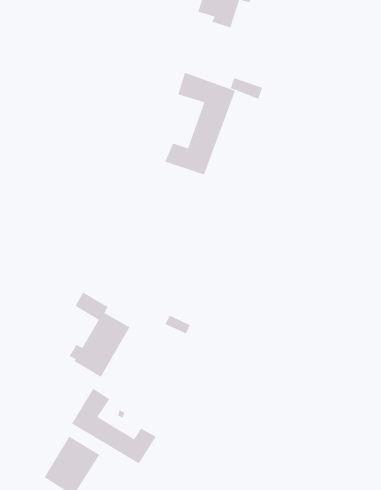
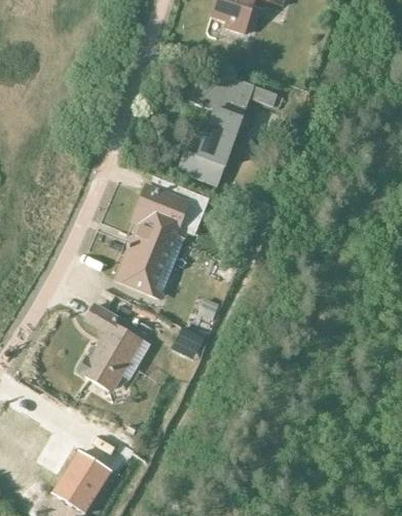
building: none -> [115,175,209,299]
building: [71,388,157,464] -> none

